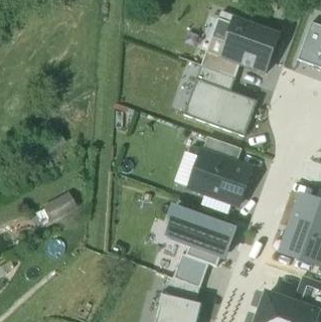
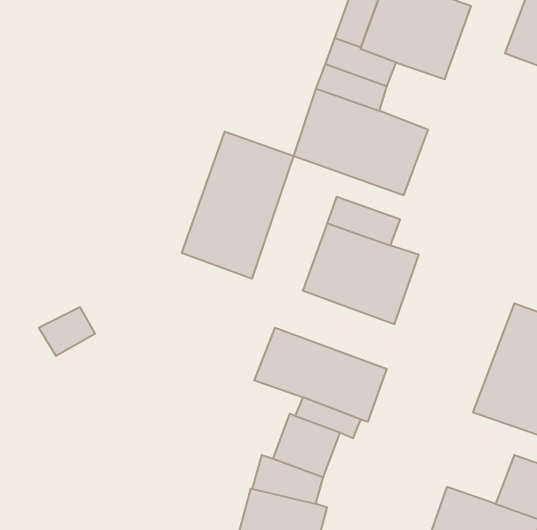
building: none -> [182,131,293,279]

